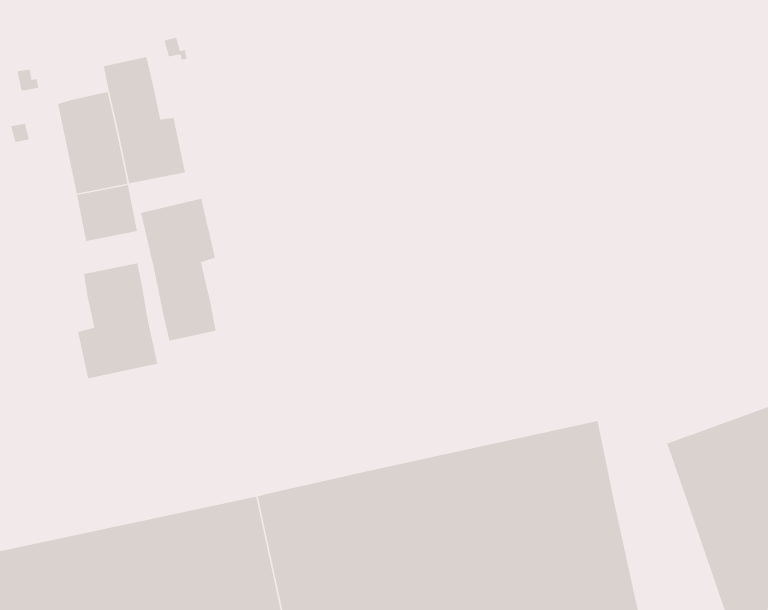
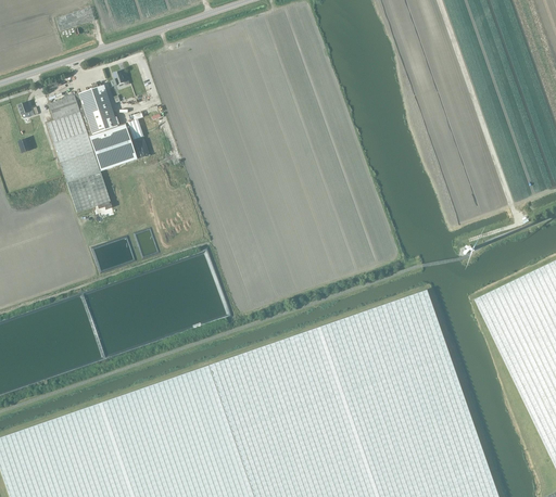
building: none -> [49,95,79,120]
building: [140,198,217,342] -> none
building: [77,263,158,379] -> none

